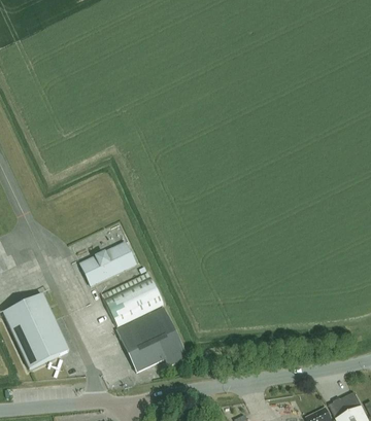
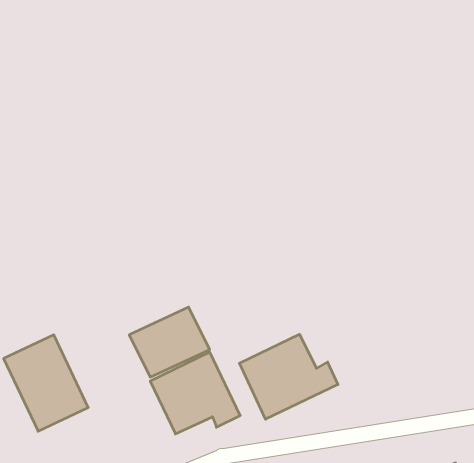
building: [79,241,137,287] -> none
building: none -> [239,334,338,419]

